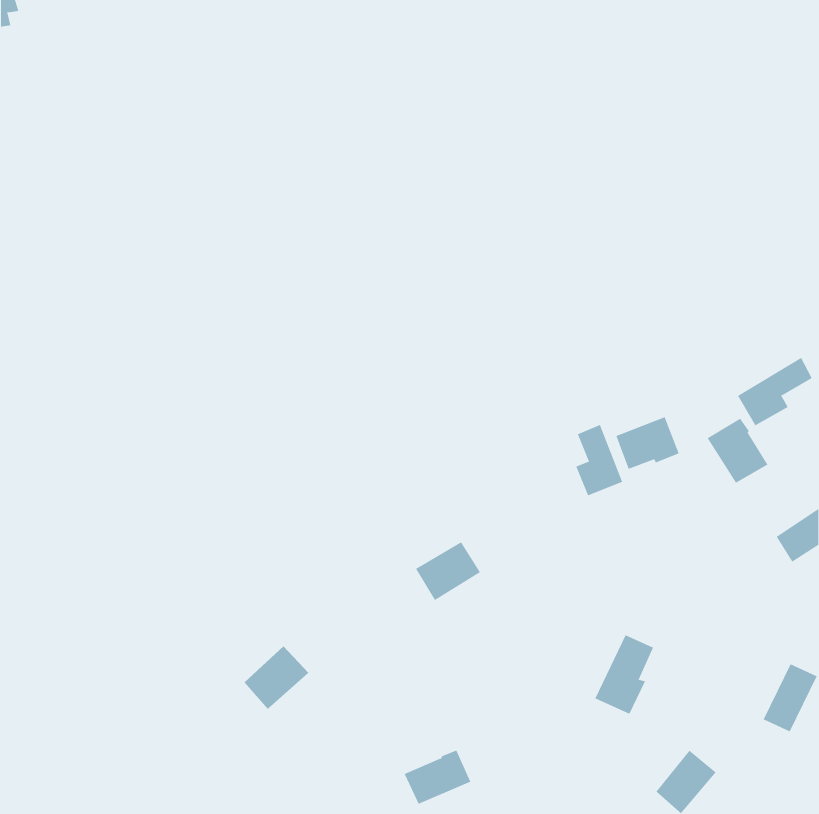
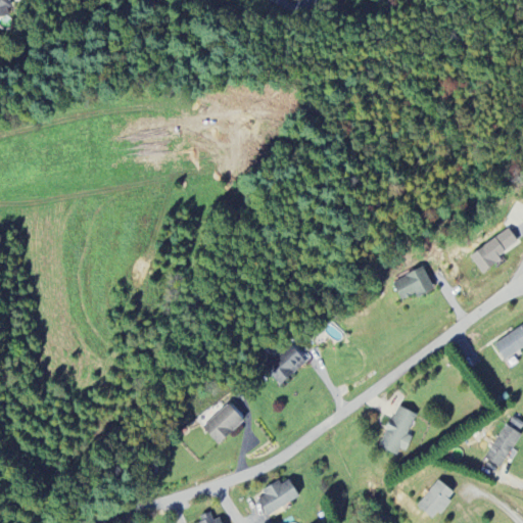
building: [707,418,768,483] -> none
building: [575,424,623,496] -> none
building: [244,646,309,710] -> [203,402,245,443]

